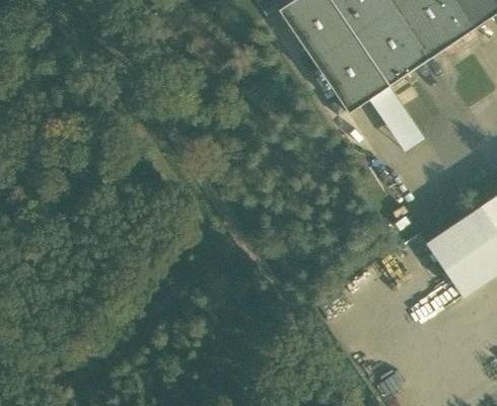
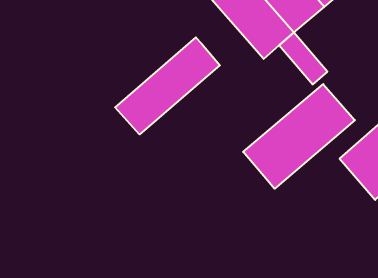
building: none -> [115,37,220,134]
building: none -> [243,84,355,189]

